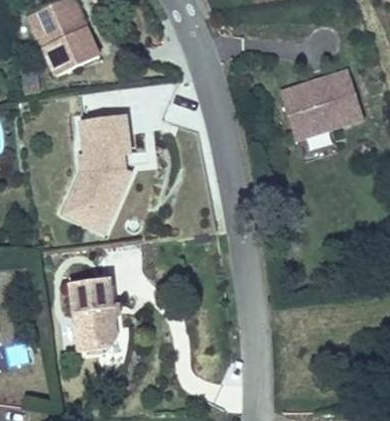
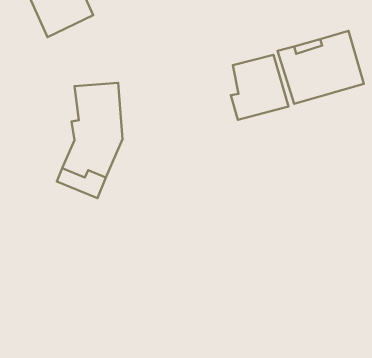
building: none -> [231,55,288,120]
building: [70,275,118,348] -> none

